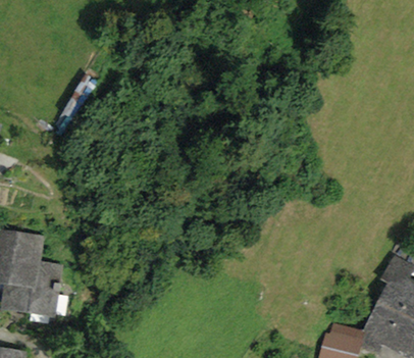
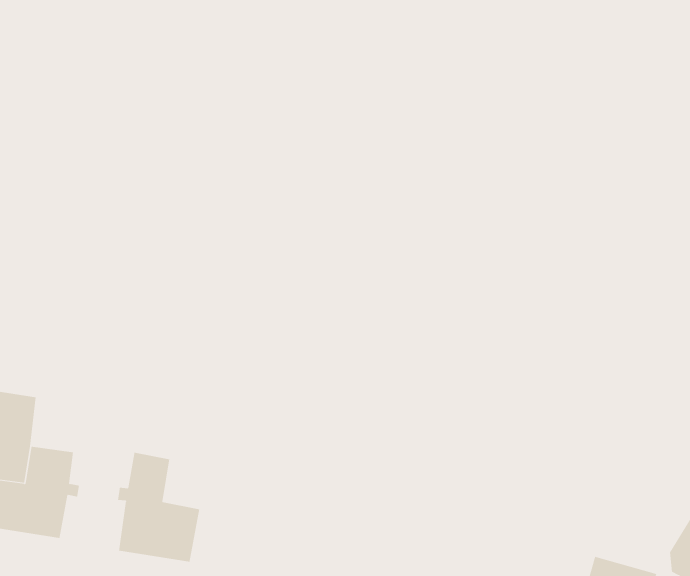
building: none -> [117,452,200,563]

